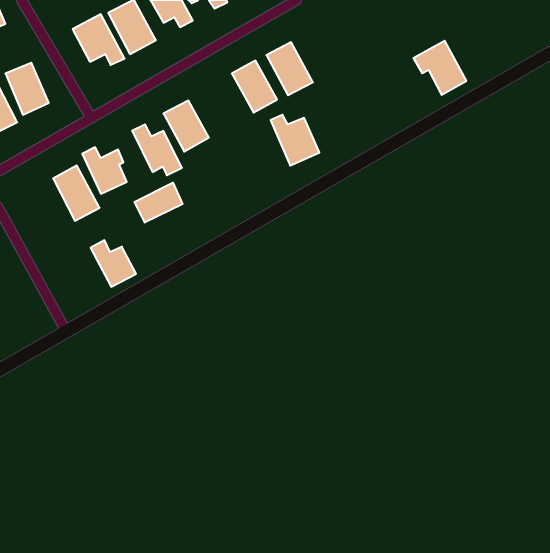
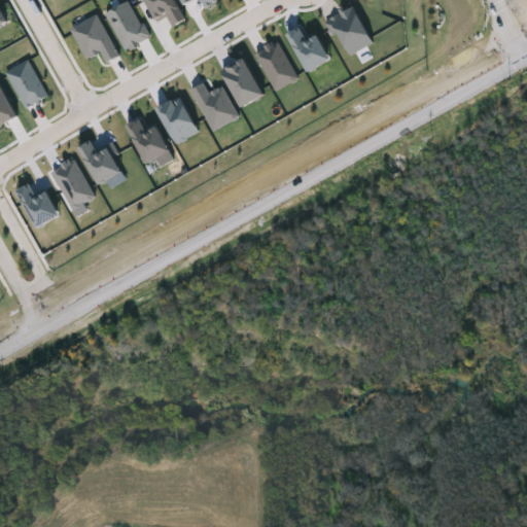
building: none -> [286,27,329,72]
building: [413,41,466,95] -> [322,4,373,56]
building: [271,115,319,166] -> [191,82,238,131]
building: [134,183,183,223] -> none
building: [91,240,136,287] -> [15,183,59,227]

